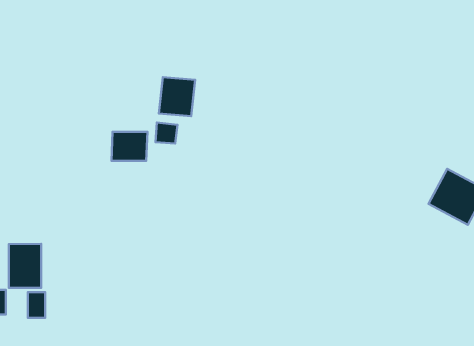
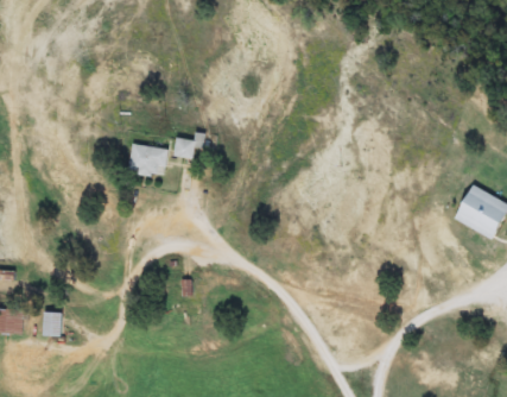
building: [159,77,195,116] -> none
building: [9,244,41,288] -> none

